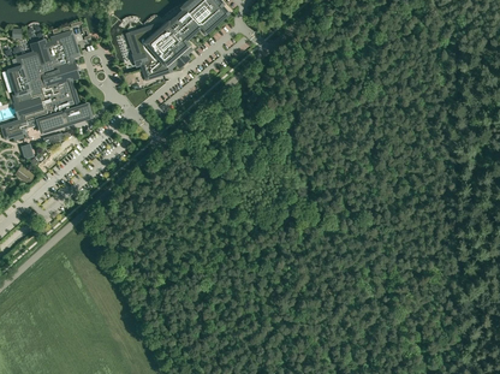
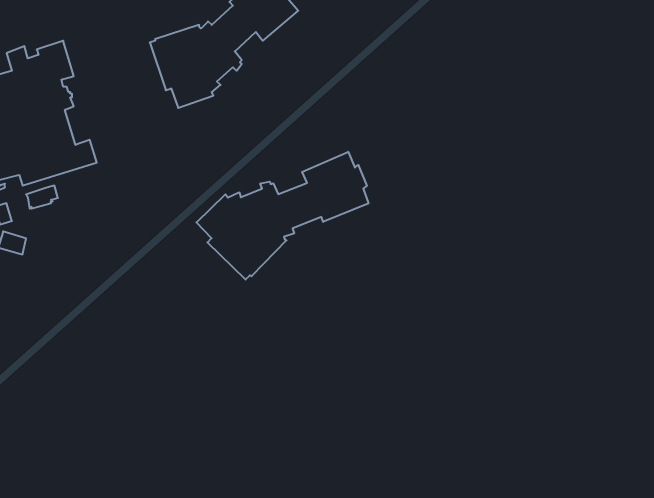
building: none -> [196,152,368,280]

